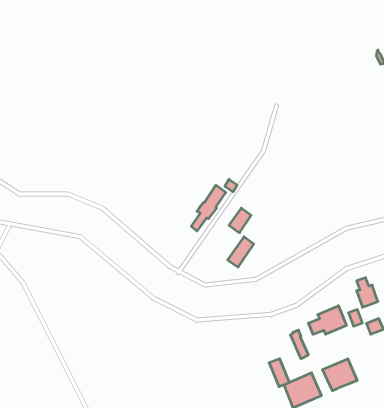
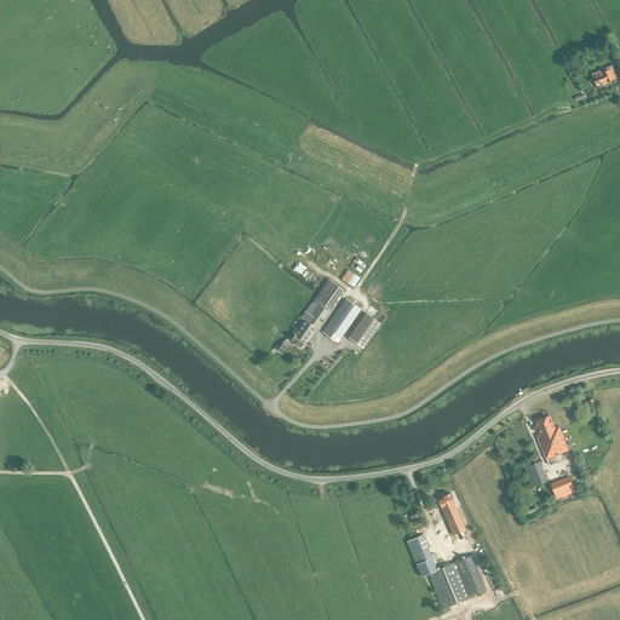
building: [228,237,254,267] -> [321,298,360,343]
building: [308,306,346,334] -> none
building: [323,359,357,391] -> none

